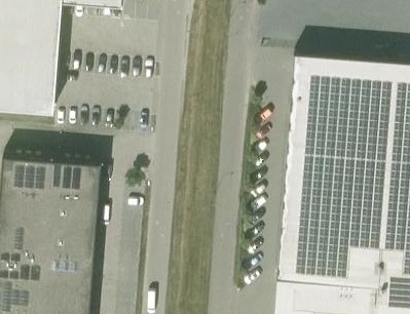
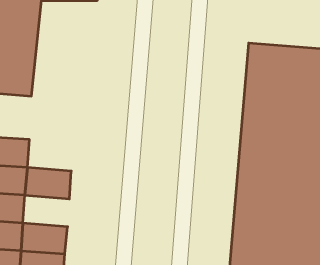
building: [50,161,101,196] -> none
building: [45,223,97,258] -> none

